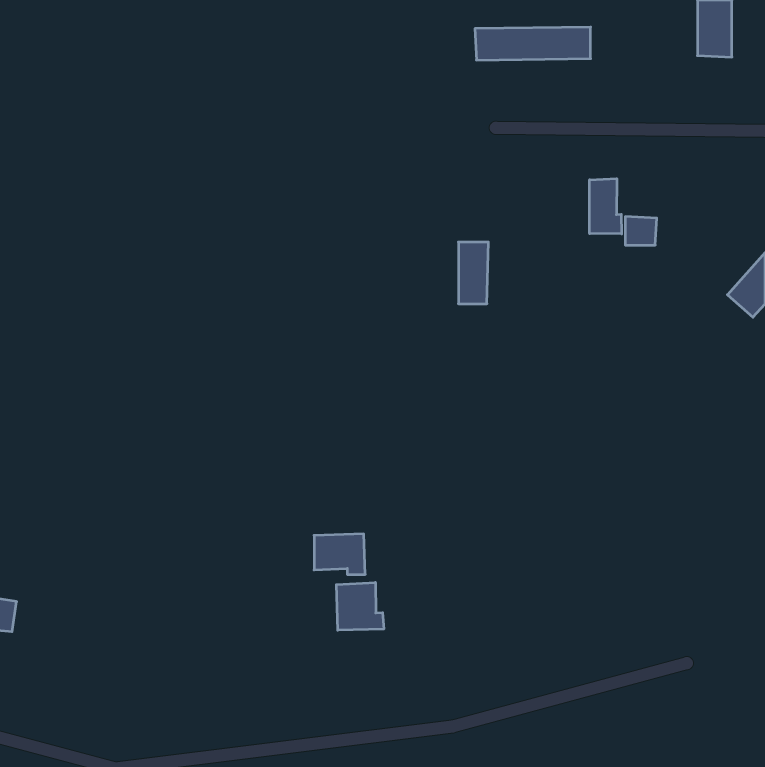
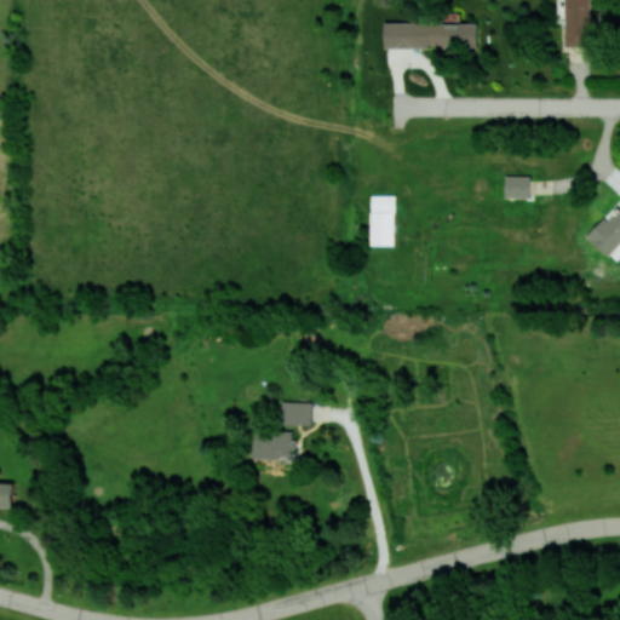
building: [590,179,622,234] -> none
building: none -> [280,402,311,425]
building: [336,582,384,630] -> none

